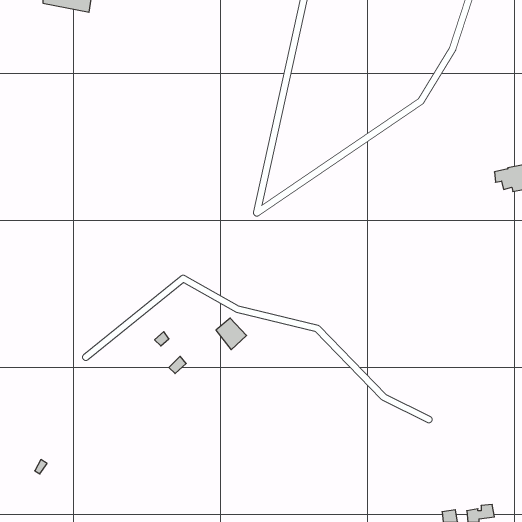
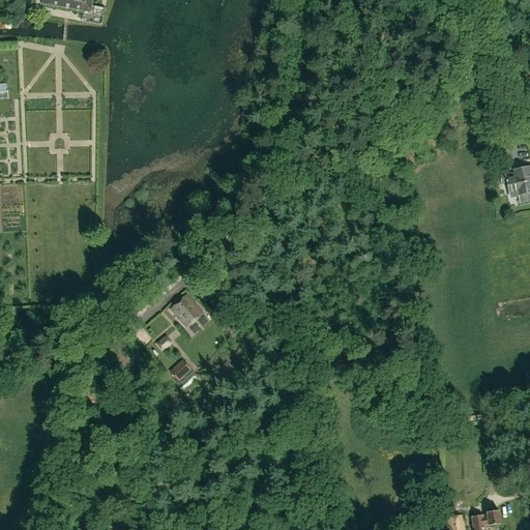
building: [216,318,247,350] -> [173,295,204,327]

